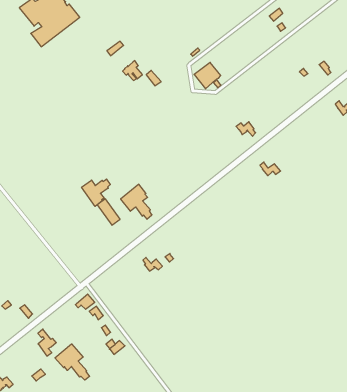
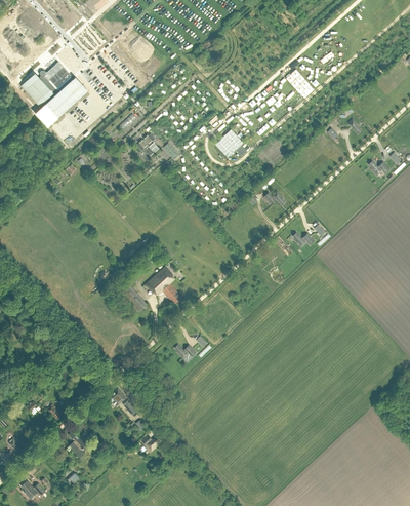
building: [82,179,110,206] -> none
building: [55,344,90,380] -> none

